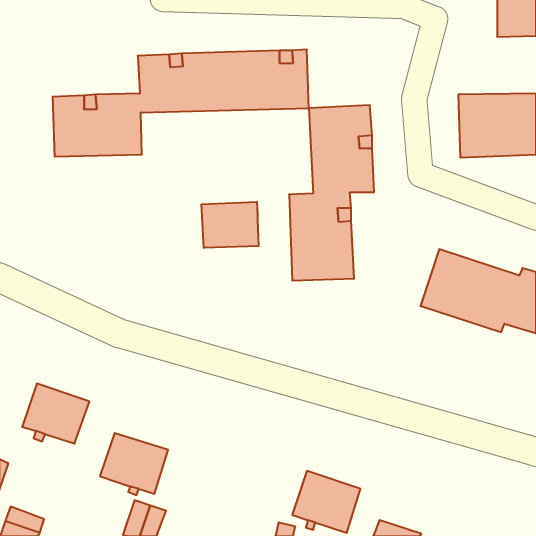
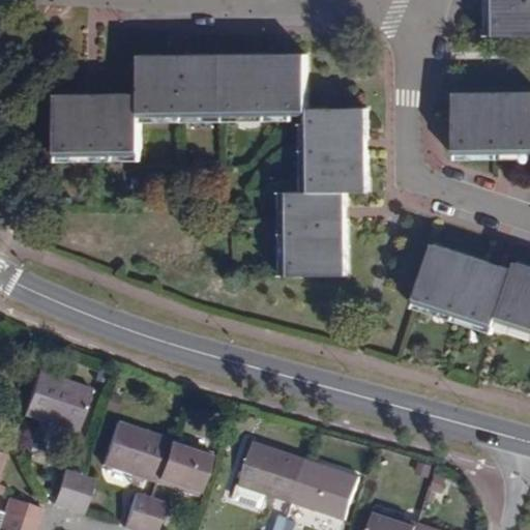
building: [202,202,259,248] -> none
building: none -> [152,443,206,499]
building: none -> [236,446,302,507]
building: none -> [51,469,94,514]

